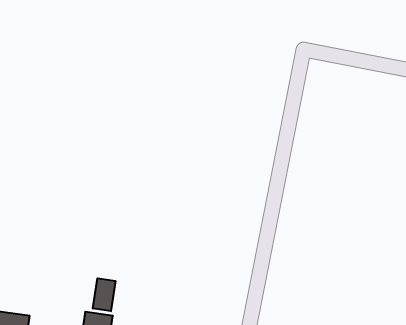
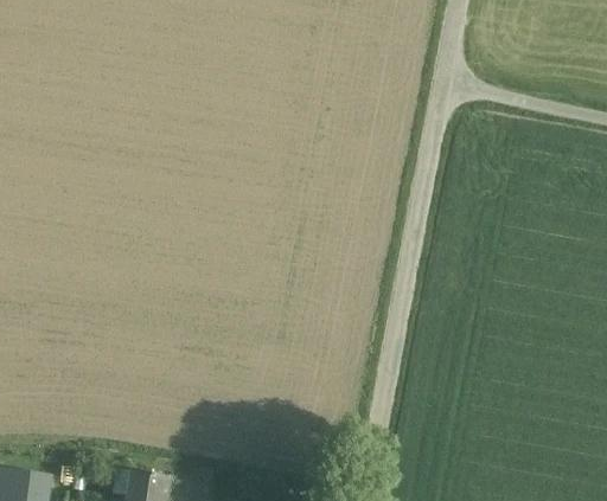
building: [93,278,115,311] -> none

